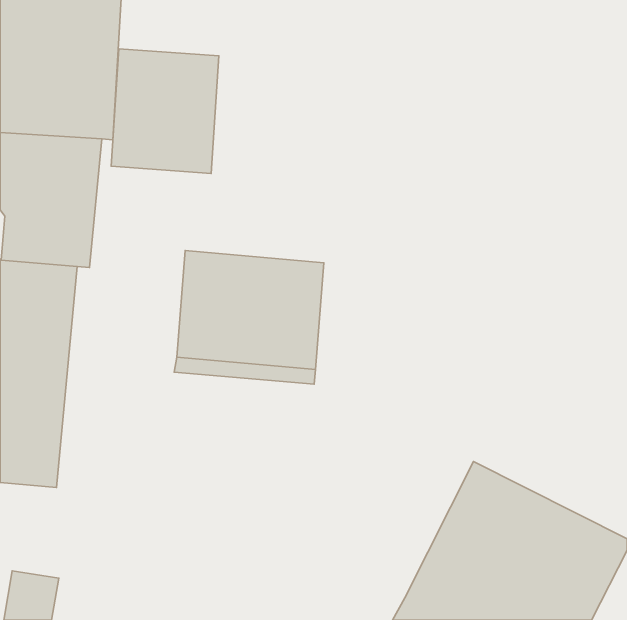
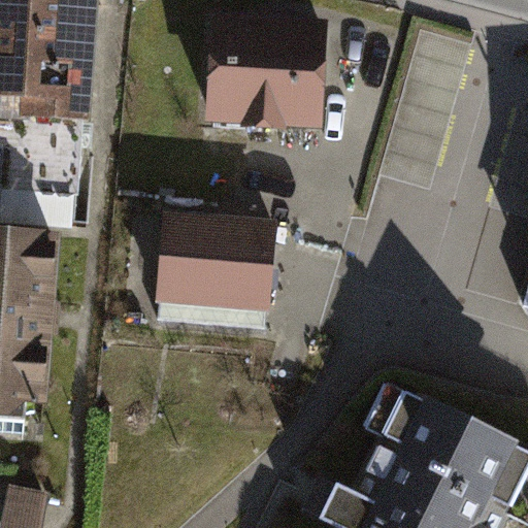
building: none -> [202,11,321,130]
building: [111,49,219,173] -> none

